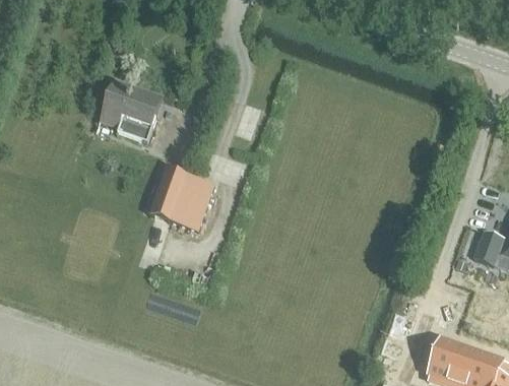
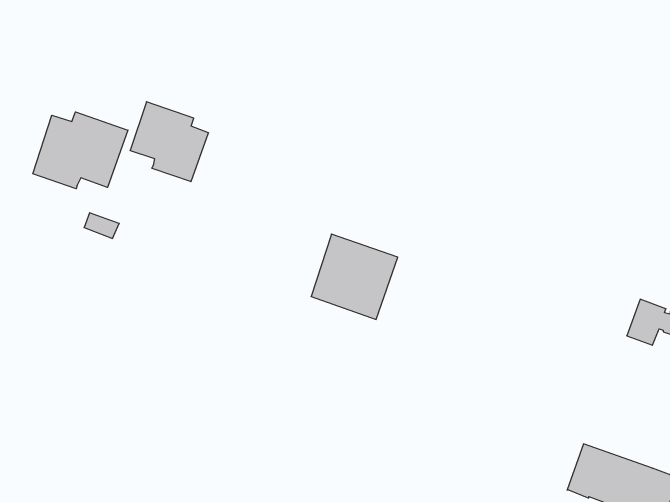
building: none -> [33,112,128,189]
building: [149,166,214,230] -> [311,234,398,319]

